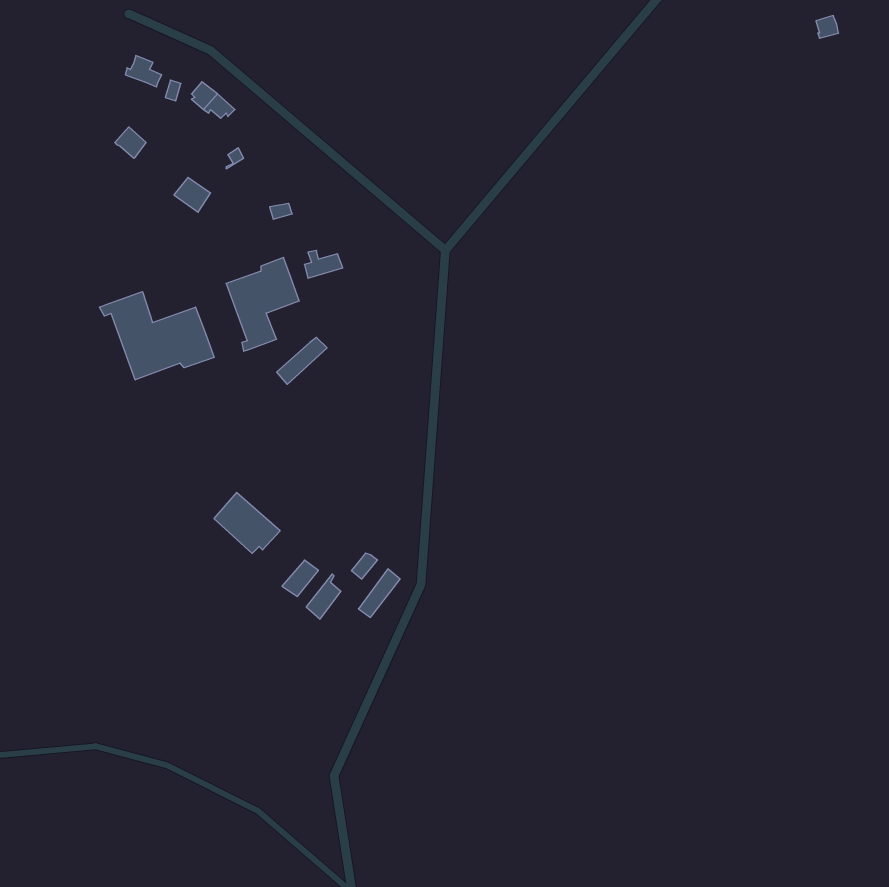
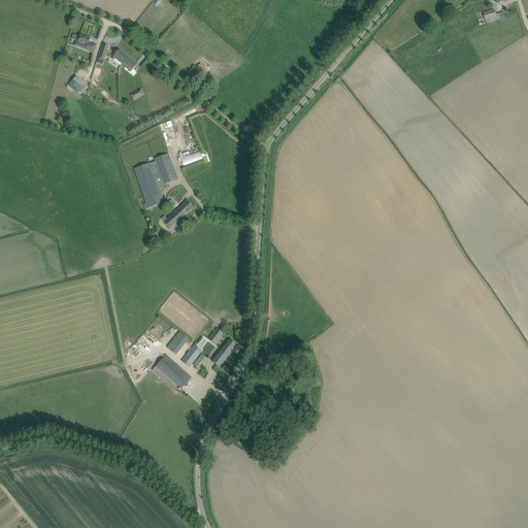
building: [99,292,214,380] -> none
building: [214,493,280,553] -> [153,354,192,390]

